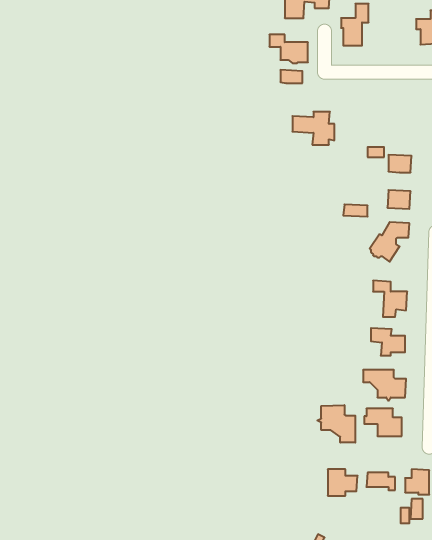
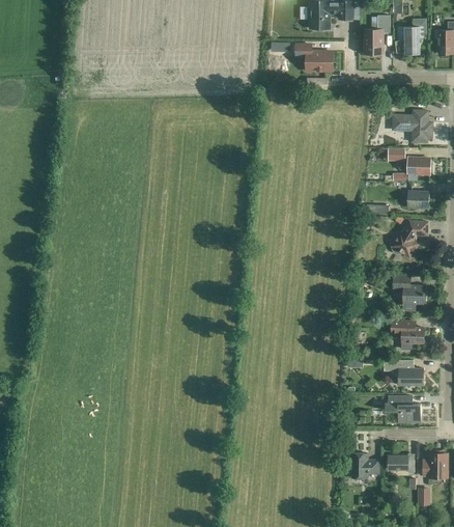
building: none -> [395,19,427,54]
building: [292,112,334,145] -> [393,111,432,142]
building: [317,405,355,443] -> none

